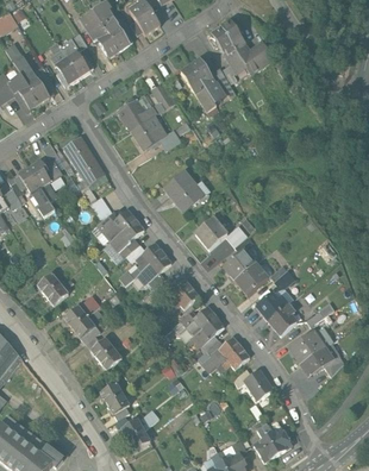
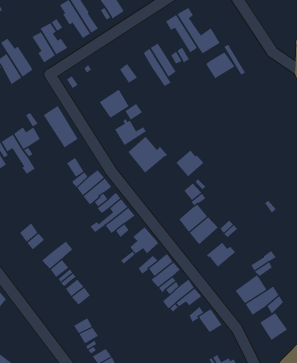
building: none -> [205,51,235,79]
building: [118,98,156,130] -> [114,118,147,146]
building: [195,218,229,250] -> [175,150,204,177]
building: [268,304,307,337] -> none
building: none -> [260,312,288,341]

